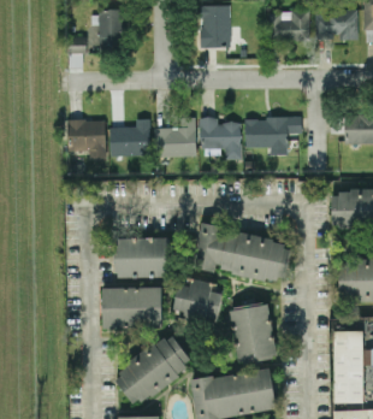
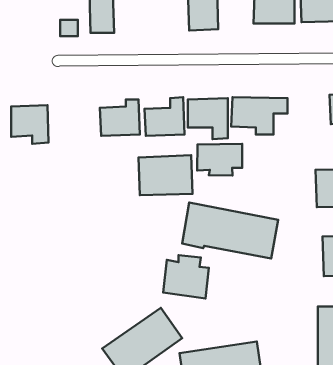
building: [67,118,106,158] -> [11,105,49,144]
building: none -> [197,144,242,175]
building: [116,236,171,277] -> [139,155,192,195]
building: [102,287,160,327] -> none
building: [233,305,274,360] -> none

